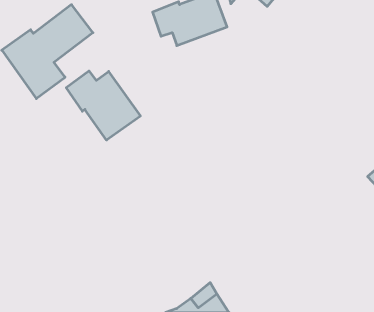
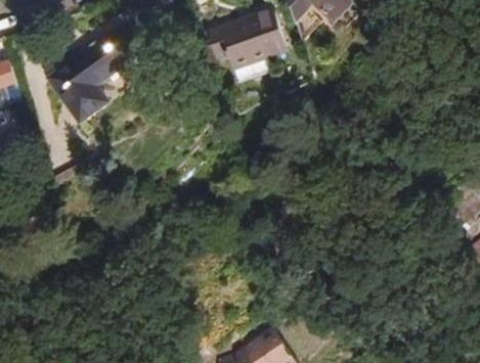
building: [66,71,140,140] -> none

